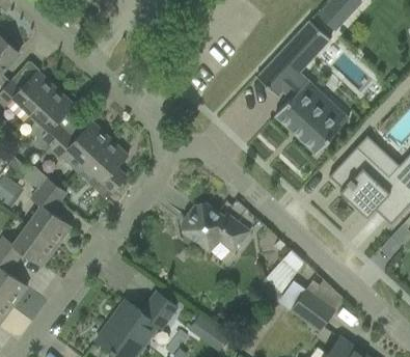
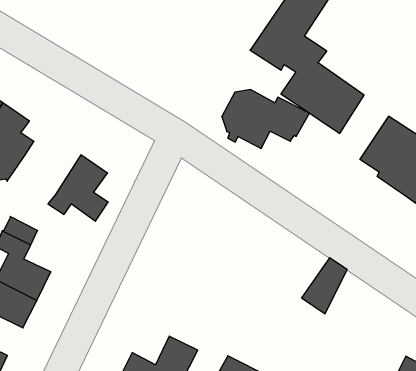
building: [48,121,109,172] -> none
building: [181,204,250,252] -> [222,90,310,149]
building: [291,290,333,330] -> none

